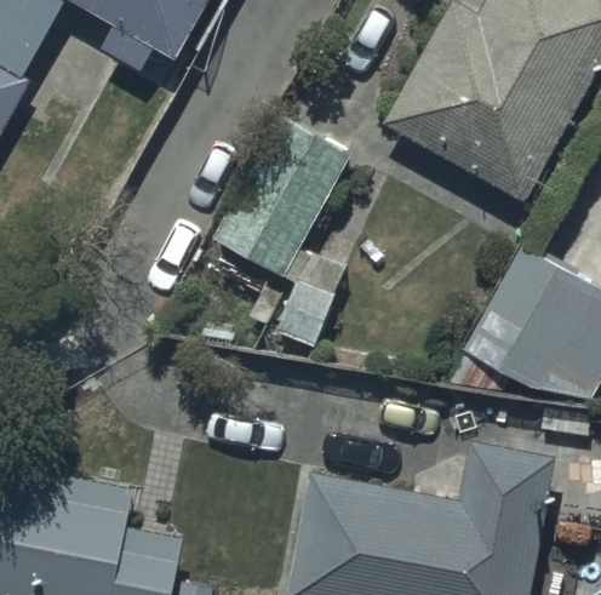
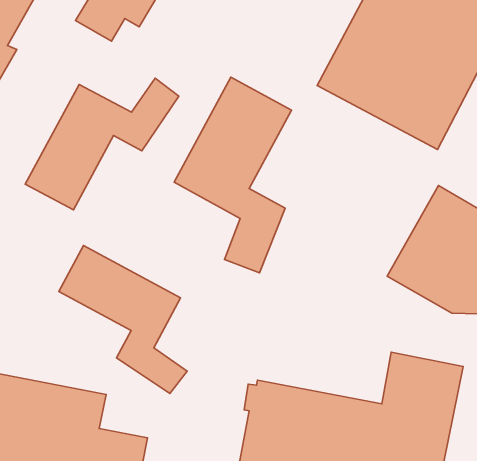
building: none -> [25,78,179,210]
building: none -> [59,246,187,394]

